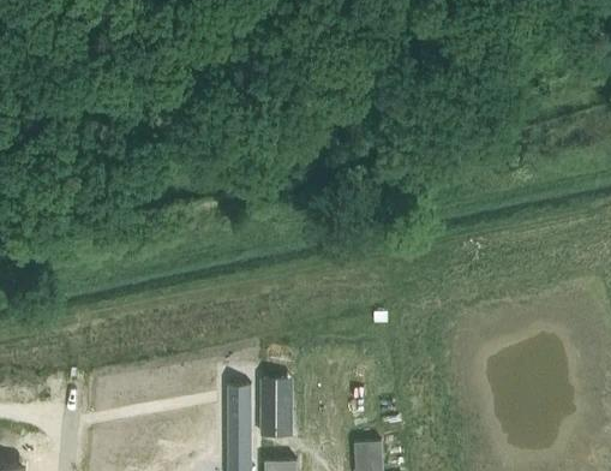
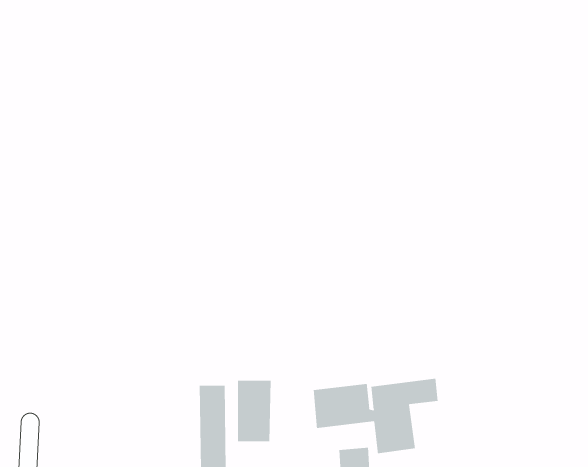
building: none -> [313,378,438,454]

